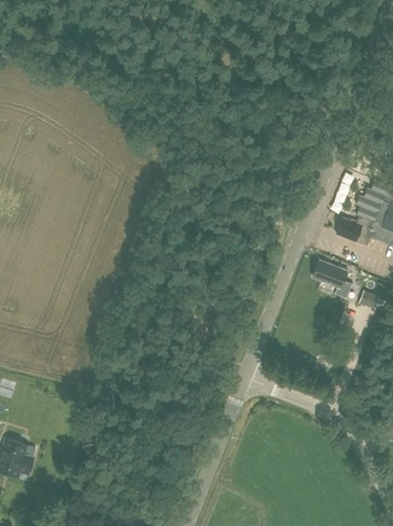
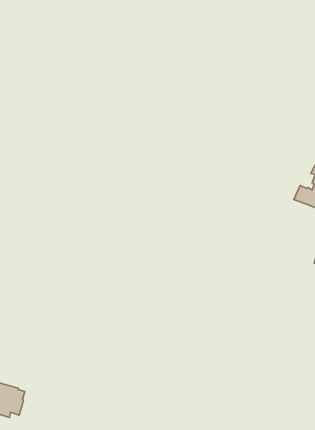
building: [313,259,352,296] -> none

